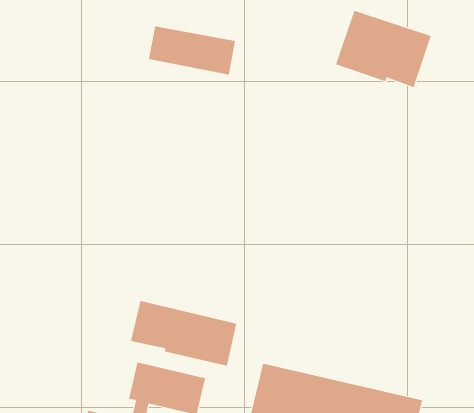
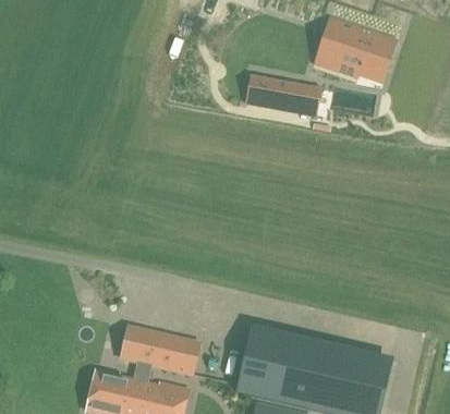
building: [148,26,236,75] -> [244,75,321,119]
building: [131,300,237,367] -> none

